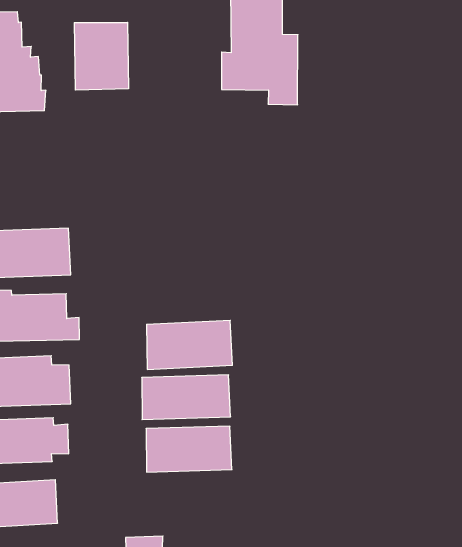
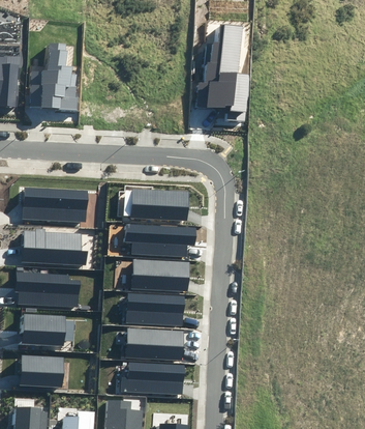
building: [74,22,128,90] -> none
building: none -> [129,189,187,221]
building: none -> [125,225,195,257]
building: none -> [120,363,183,395]

